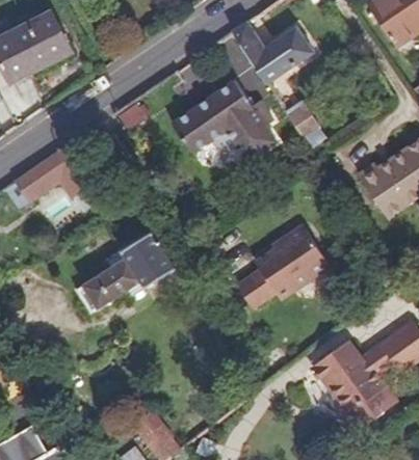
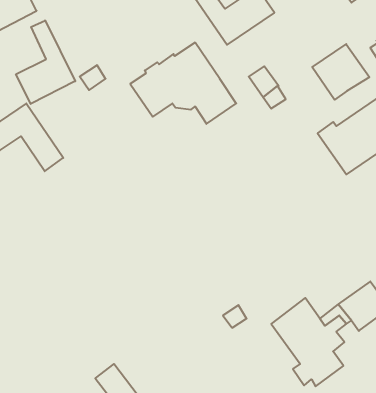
building: none -> [16,20,75,104]
building: none -> [312,44,369,100]
building: [237,228,329,309] -> none
building: [72,233,173,316] -> none

